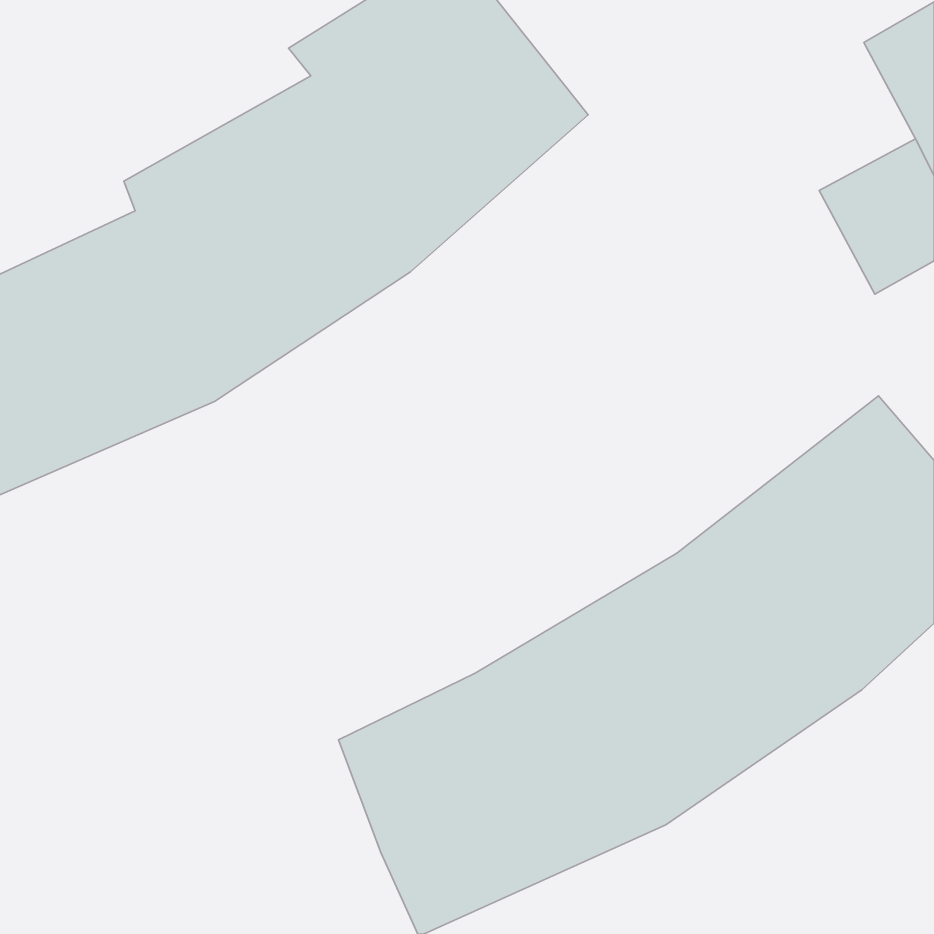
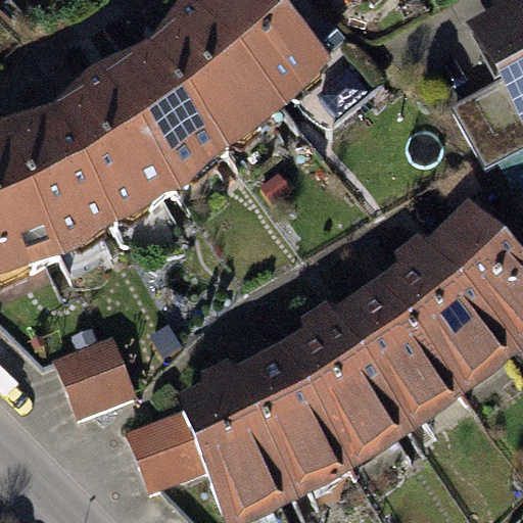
building: none -> [62,334,140,415]
building: none -> [130,409,210,492]

